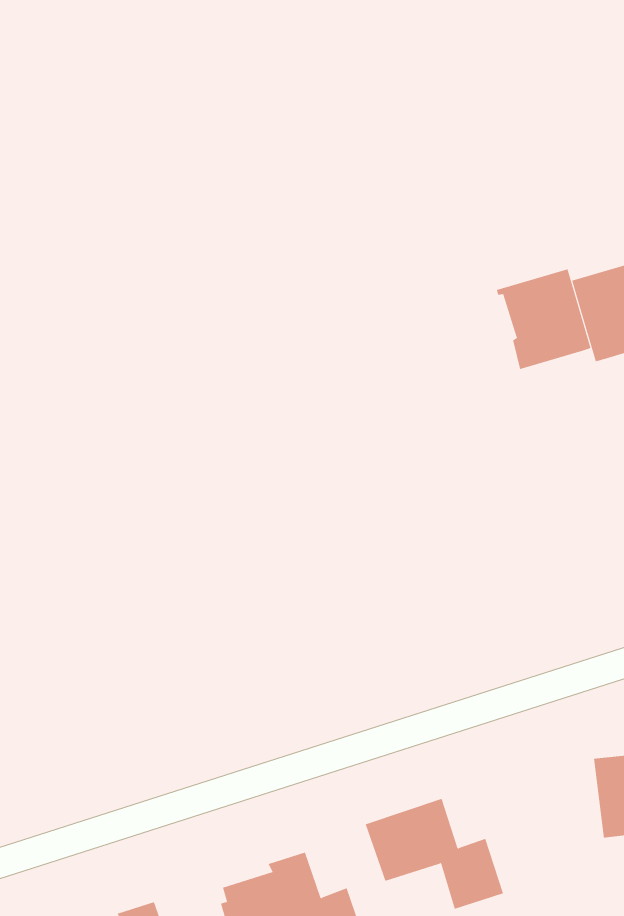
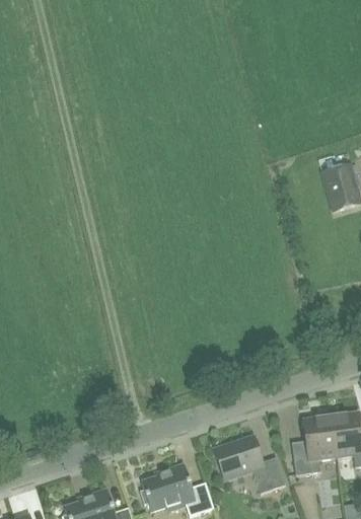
building: [496,269,591,370] -> none
building: none -> [292,416,336,474]

